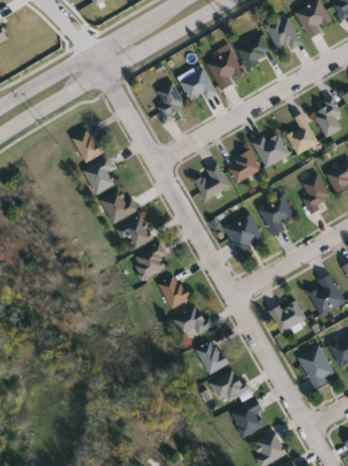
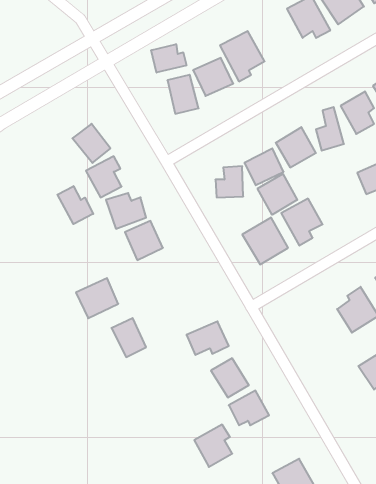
building: [236,34,271,68] -> none
building: none -> [151,44,186,73]
building: none -> [258,174,297,215]
building: [302,174,332,212] -> none
building: none -> [57,186,93,224]
building: [131,244,169,280] -> [76,278,118,318]
building: [158,274,189,309] -> [111,318,146,357]
building: [270,299,307,333] -> none
building: [298,345,336,387] -> none
building: [231,399,266,437] -> [194,425,232,467]

